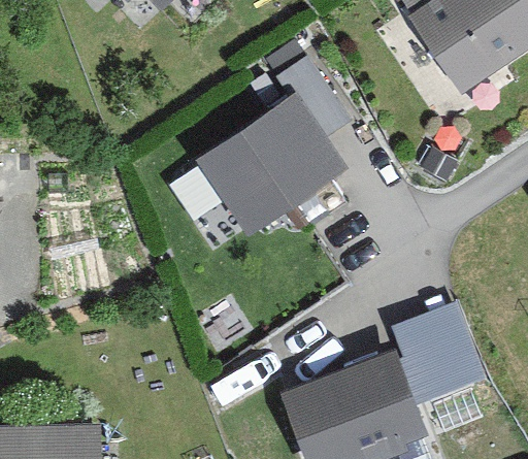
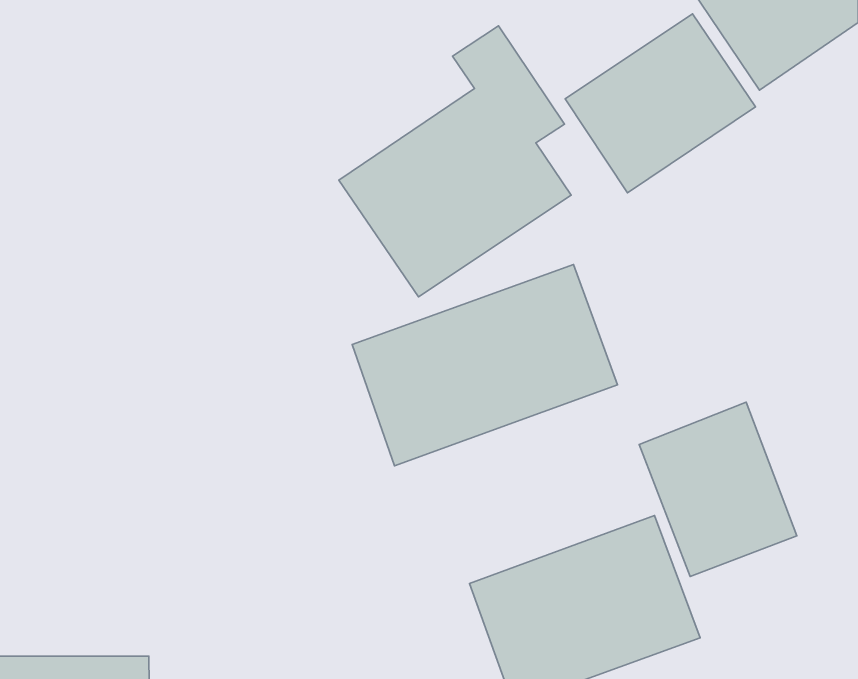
building: none -> [565,14,755,193]
building: none -> [352,265,618,466]

